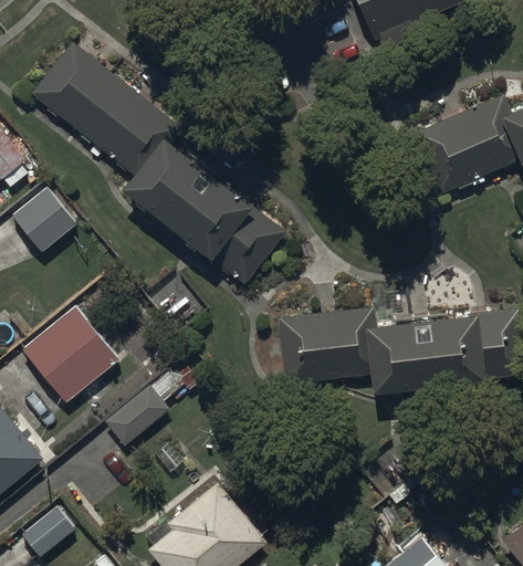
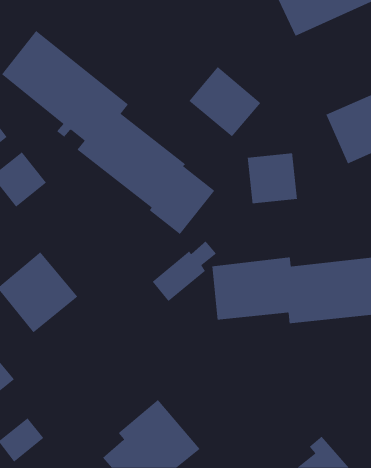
building: none -> [189,66,261,137]
building: none -> [247,152,298,204]
building: [106,373,185,447] -> [152,240,217,302]

